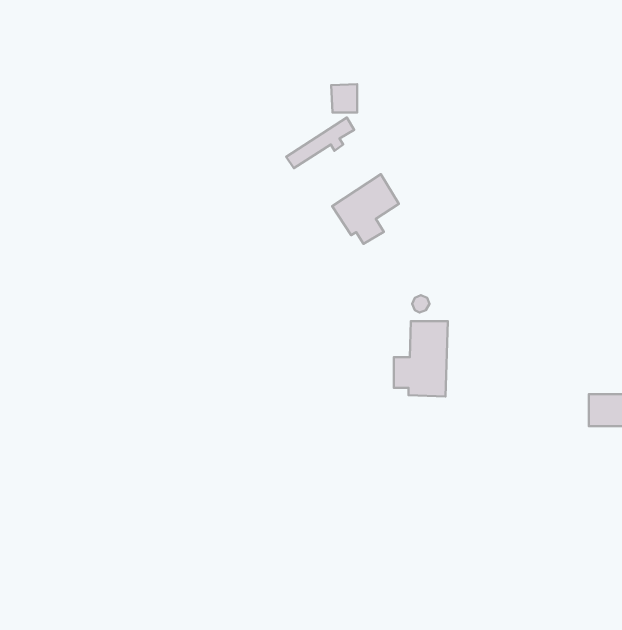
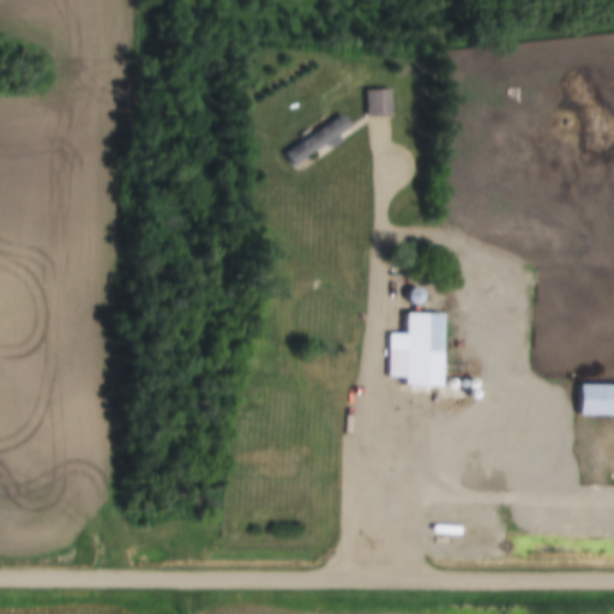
building: [331,84,357,112] -> [369,88,395,115]
building: [332,174,399,244] -> none

